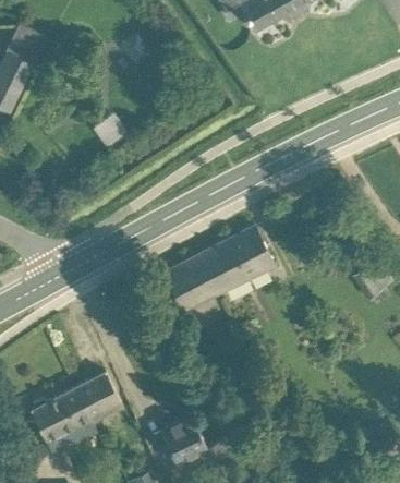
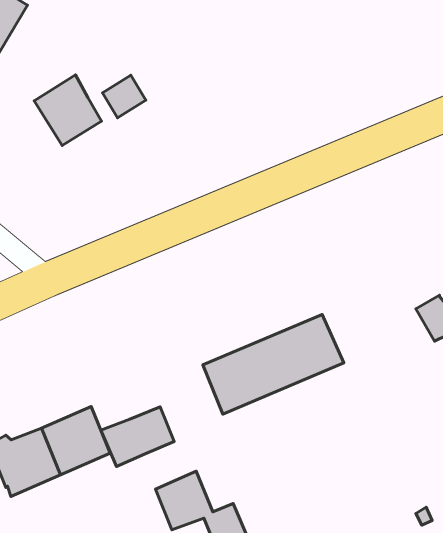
building: none -> [34,75,102,145]
building: [166,227,275,310] -> [203,315,344,414]
building: none -> [101,407,174,466]

